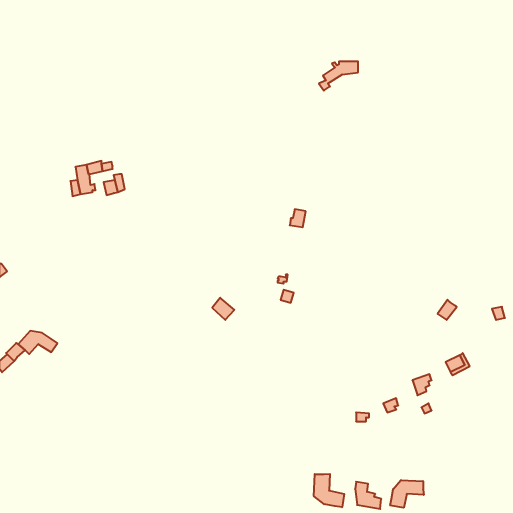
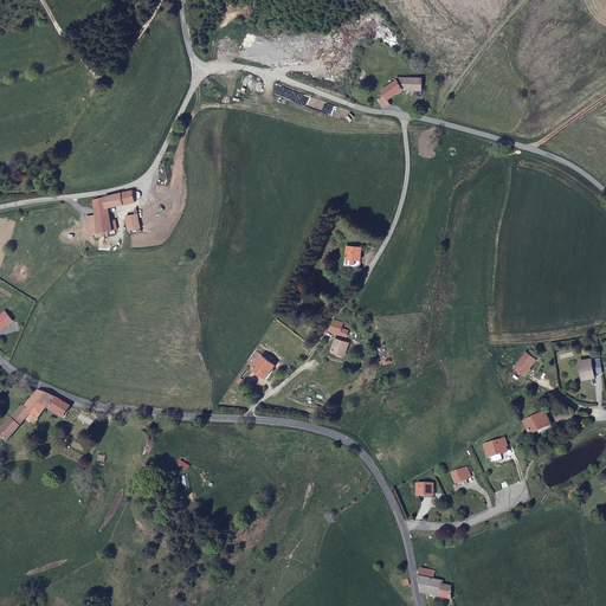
building: [314,474,344,507] -> none
building: [390,480,424,508] -> none

